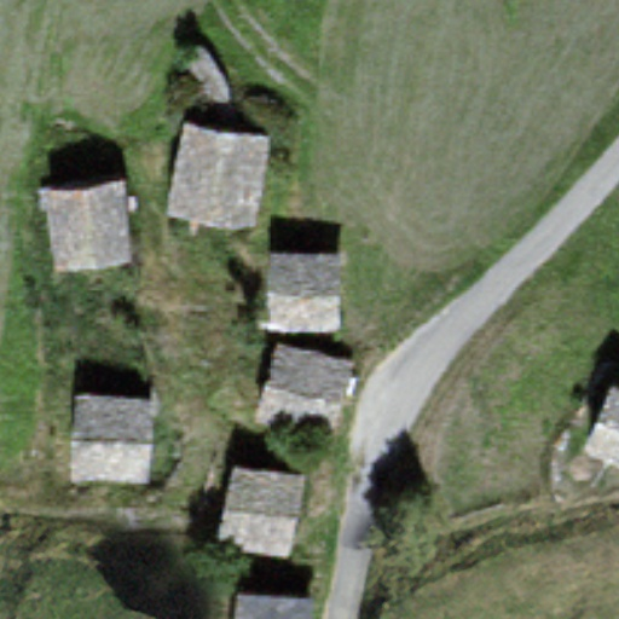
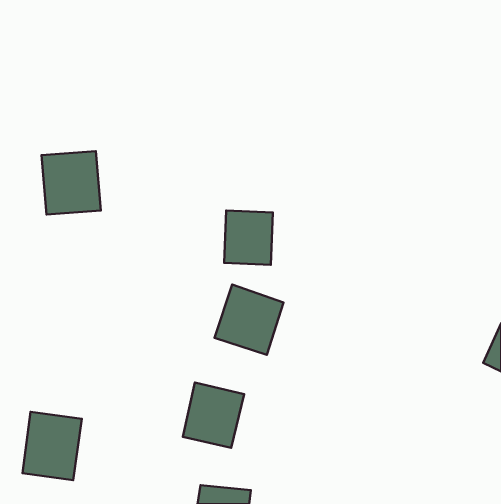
building: [174,132,264,216] -> none
building: [75,397,147,480] -> [23,412,82,480]

